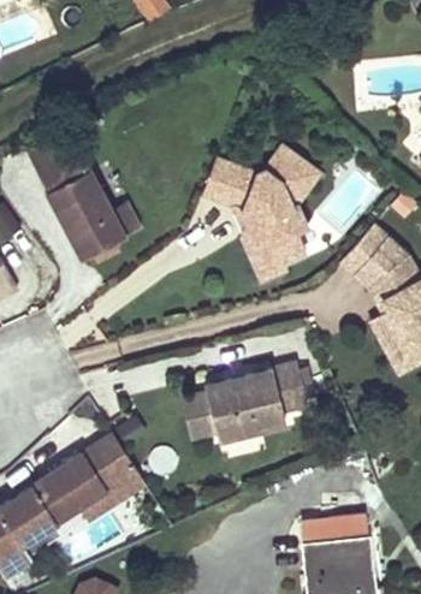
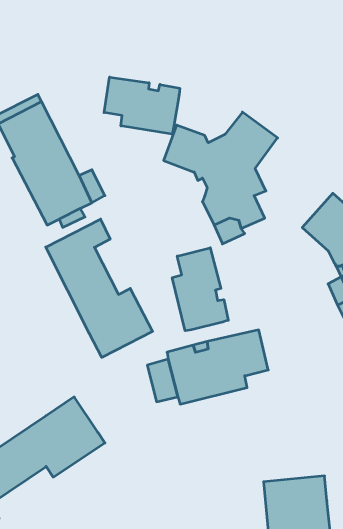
building: none -> [104,77,180,134]
building: none -> [46,219,153,357]
building: none -> [172,248,228,331]

